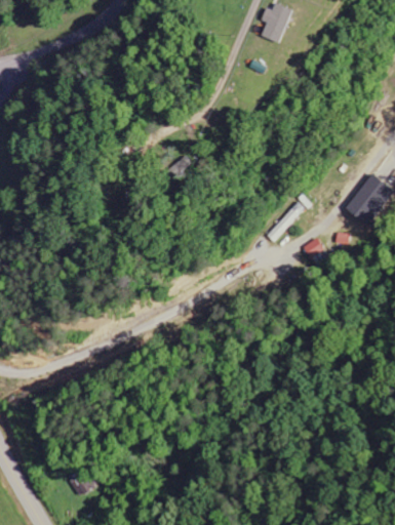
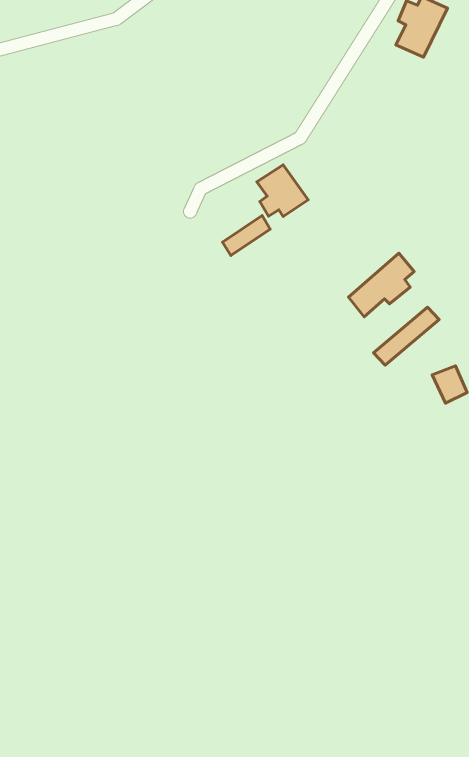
building: none -> [257,165,308,217]
building: none -> [348,253,414,317]

